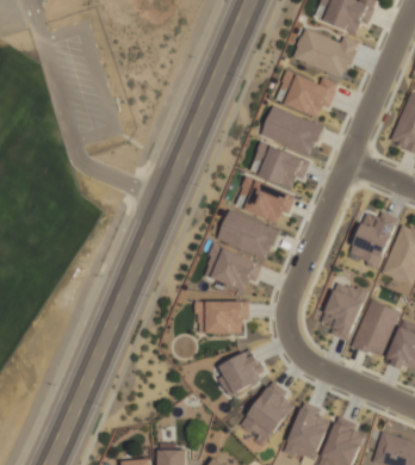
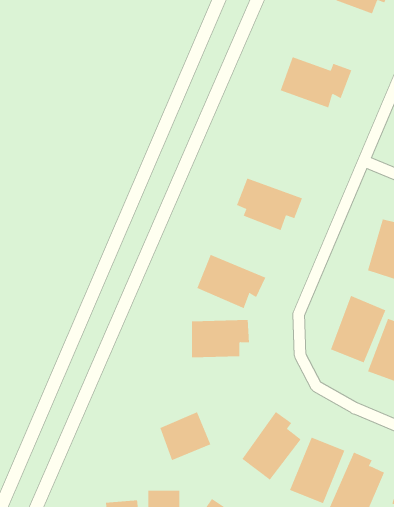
building: [291,27,358,79] -> none
building: [260,105,322,155] -> none
building: [248,141,309,188] -> none
building: [215,210,278,260] -> none
building: [219,349,265,392] -> [159,412,211,461]

